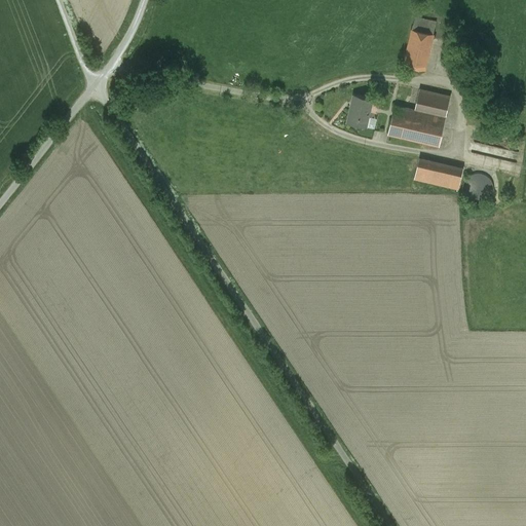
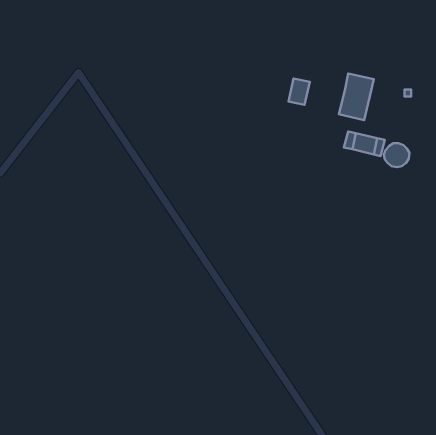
building: [404,17,436,70] -> none
building: [388,106,415,139] -> none

